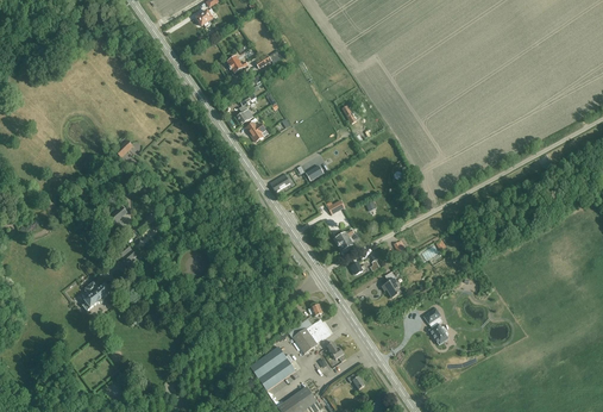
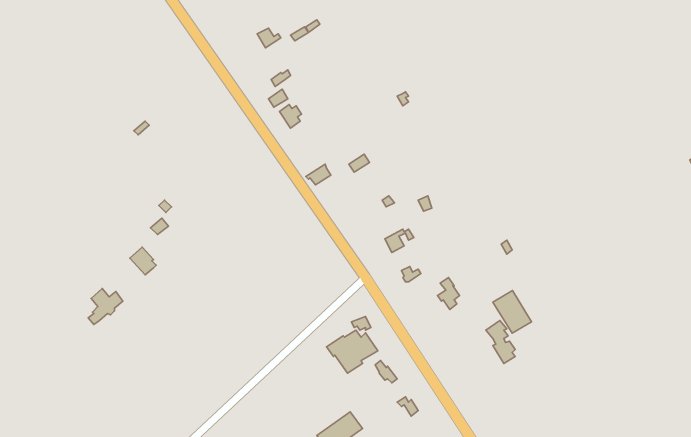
building: none -> [493,291,532,333]
building: [250,345,295,391] -> none

